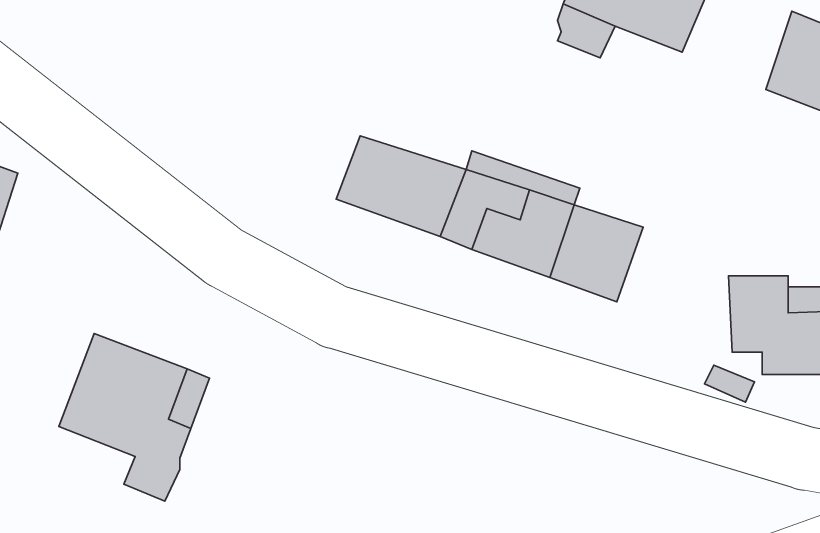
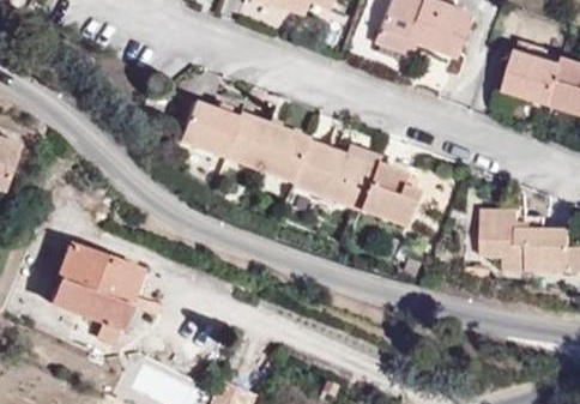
building: none -> [175,97,242,157]

